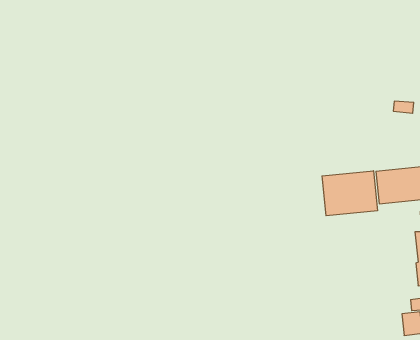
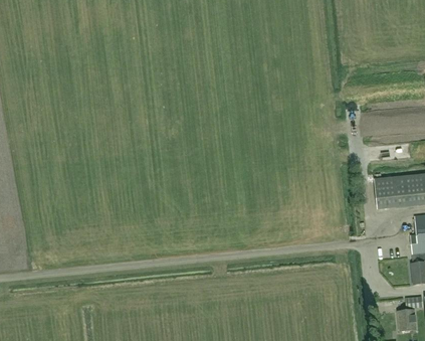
building: [322,171,377,216] -> none

